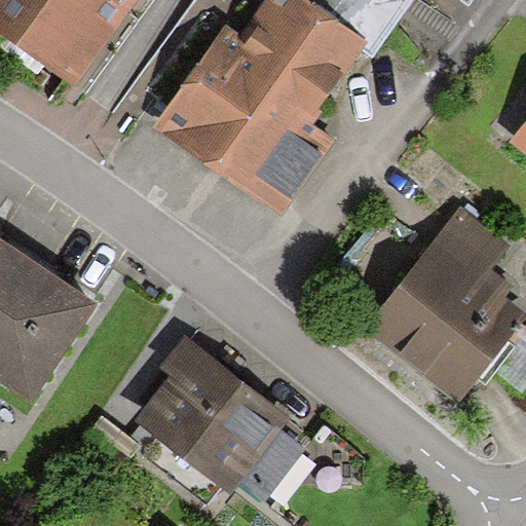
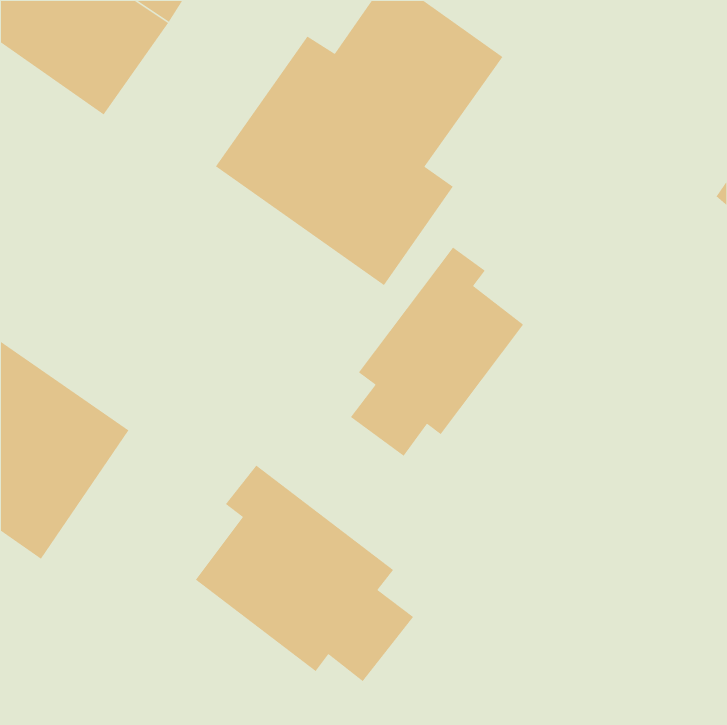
building: none -> [350,246,524,457]
building: [369,213,514,392] -> none

